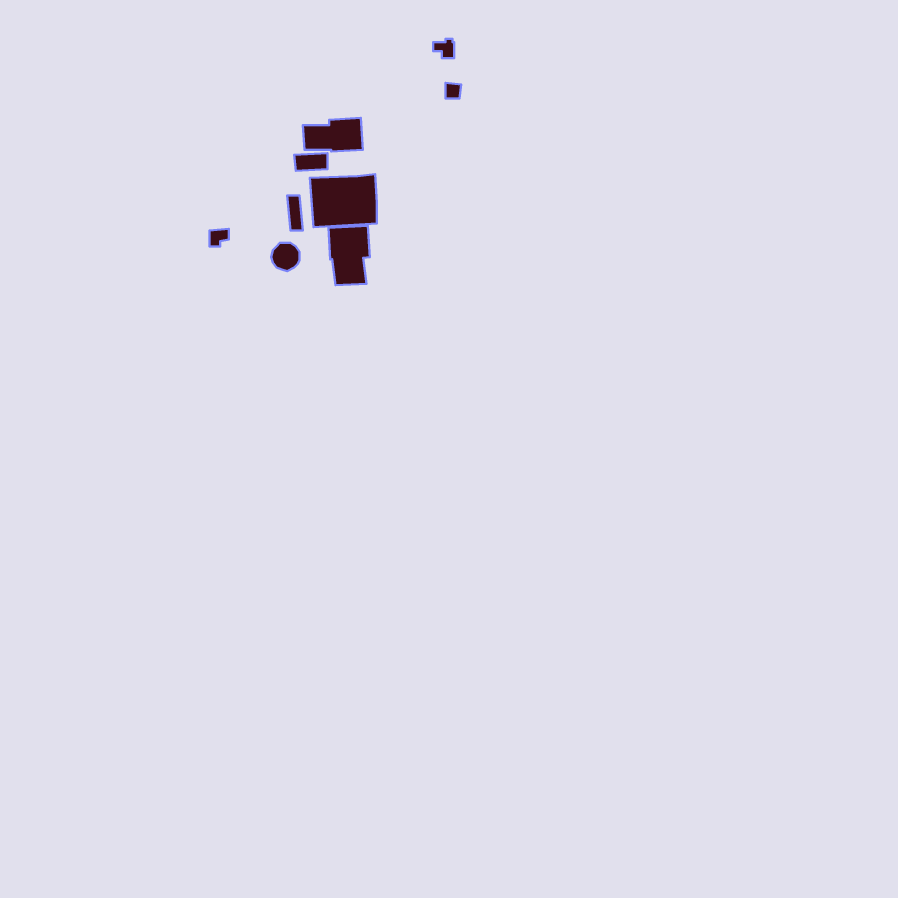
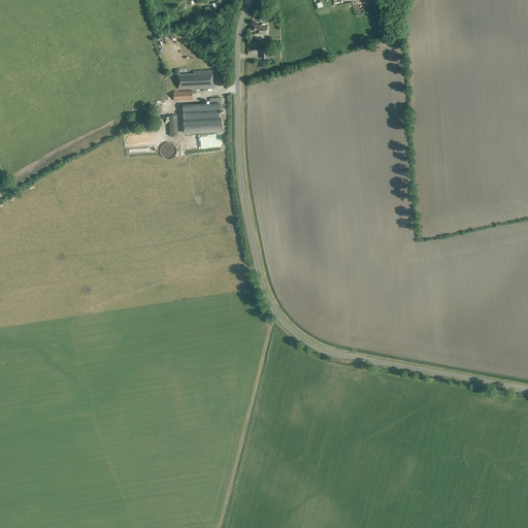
building: [328,226,370,285] -> none

